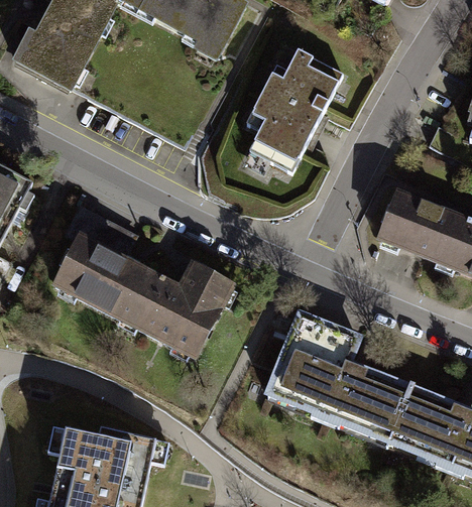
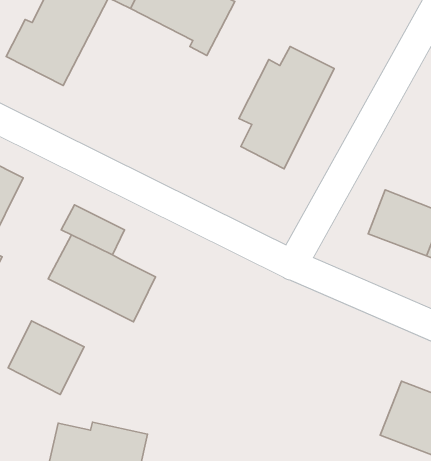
building: [140,264,230,353] -> none
building: [269,314,409,439] -> none
building: none -> [8,321,84,394]

